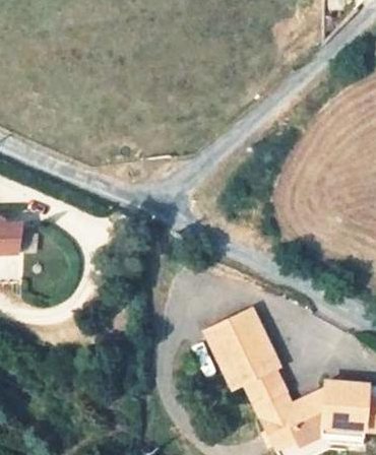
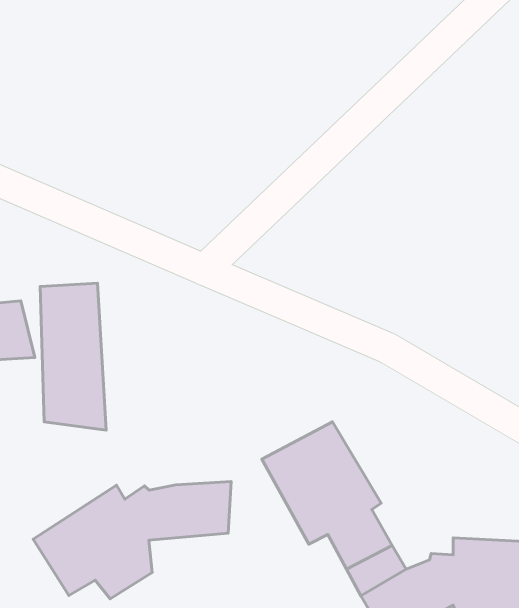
building: none -> [40,283,106,430]
building: none -> [33,482,231,599]

